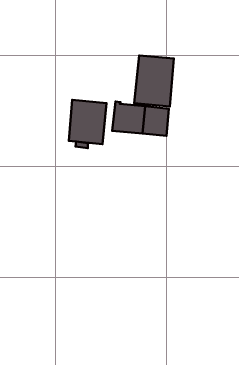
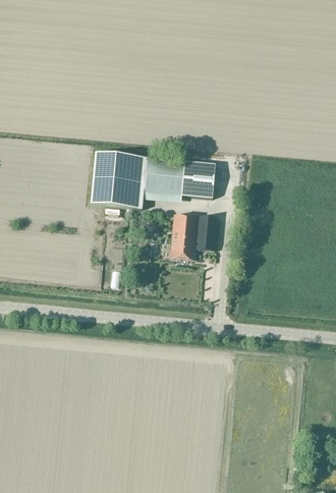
building: [134,55,174,107] -> none
building: none -> [171,214,218,258]

